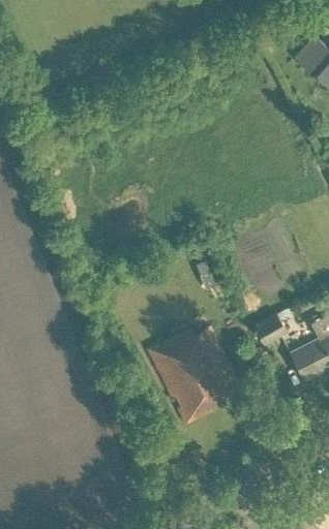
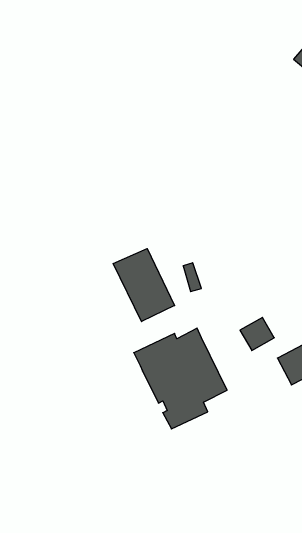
building: none -> [113,249,175,322]

